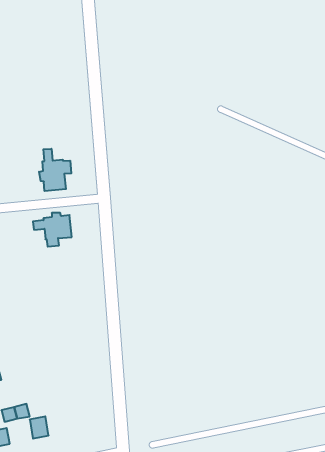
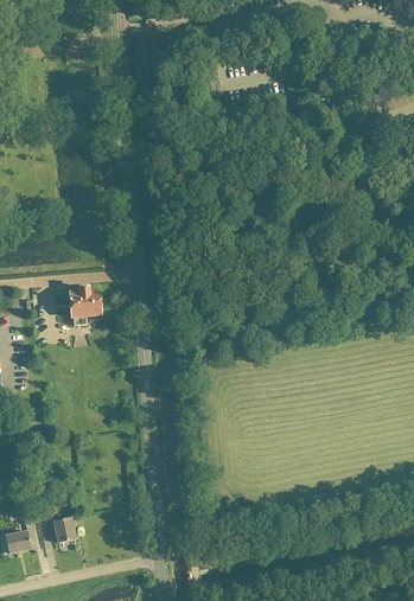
building: [39,149,71,191] -> none

